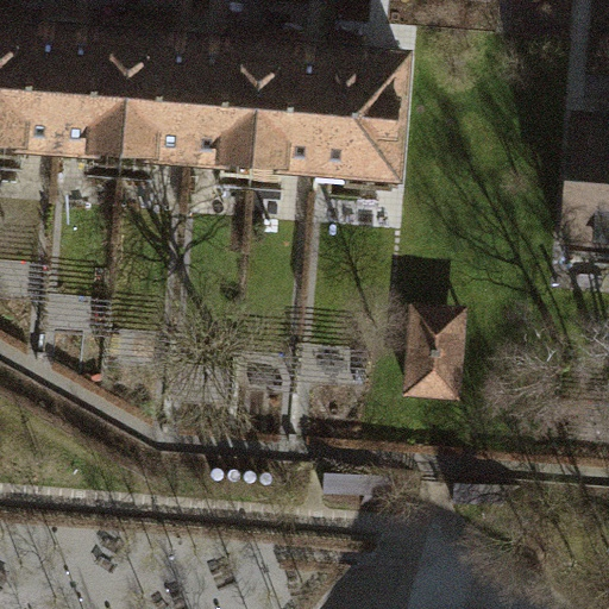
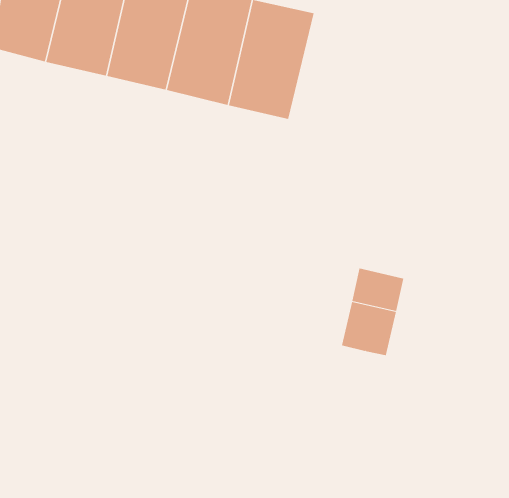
building: [319,54,403,193] -> none

